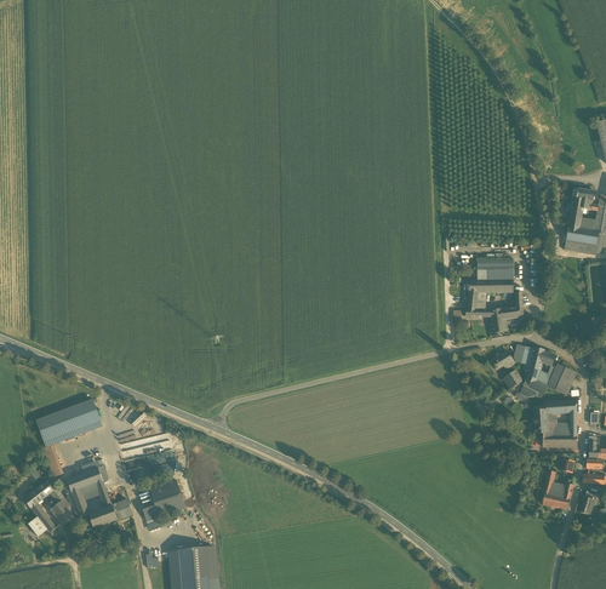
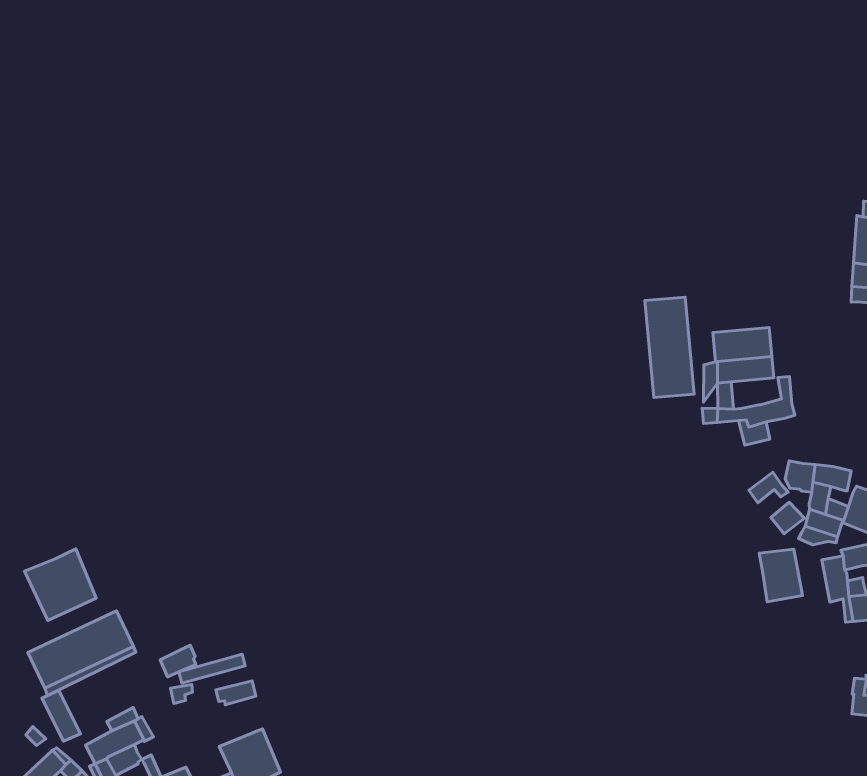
building: none -> [645,297,694,398]
building: none -> [25,549,96,621]
building: none -> [759,549,802,602]

